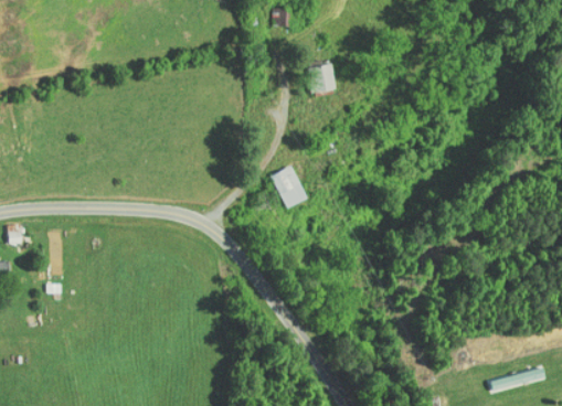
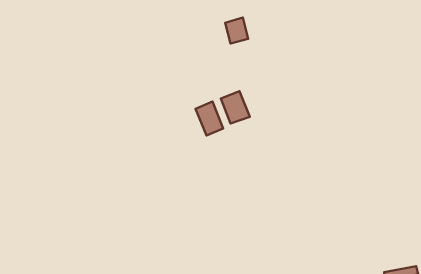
building: none -> [221,91,250,123]

